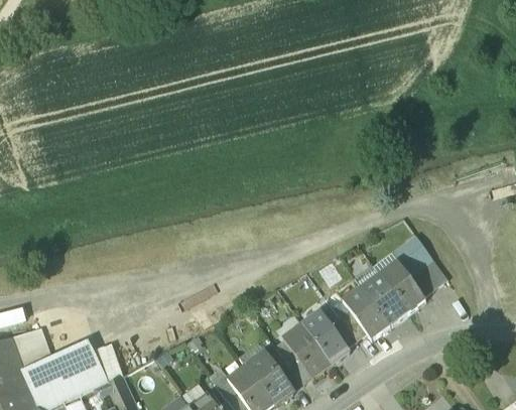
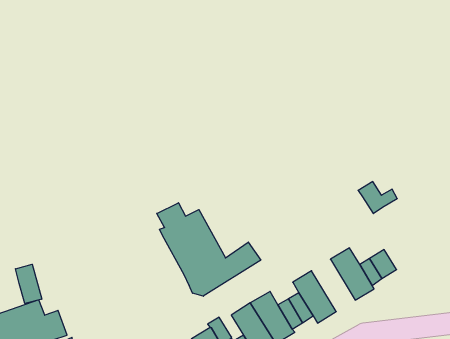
building: none -> [157,203,261,296]
building: [391,245,431,277] -> [358,182,397,214]
building: [360,274,406,326] -> none
building: none -> [15,264,42,304]

